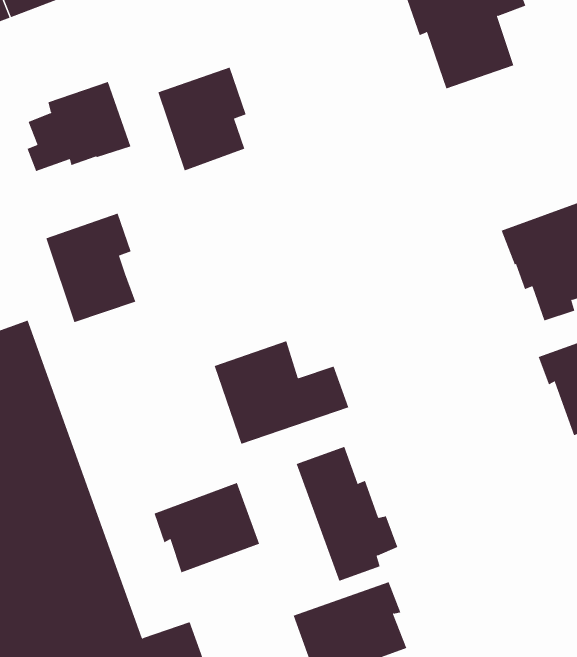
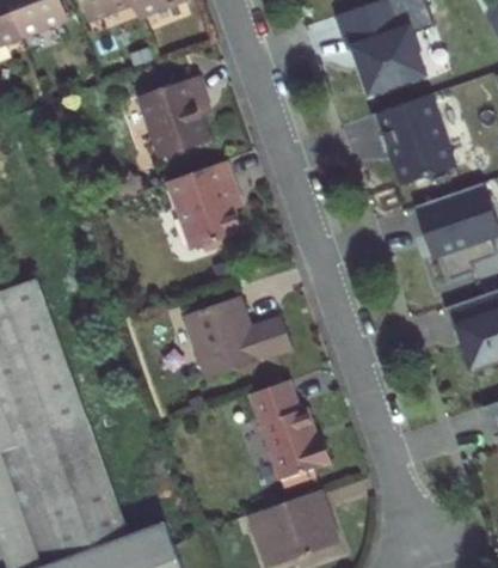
building: [27,81,131,172] -> none
building: none -> [371,94,456,185]
building: [45,213,136,323] -> [168,160,241,249]
building: [154,482,260,573] -> none

